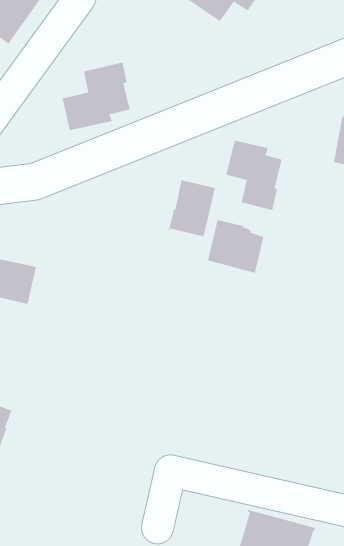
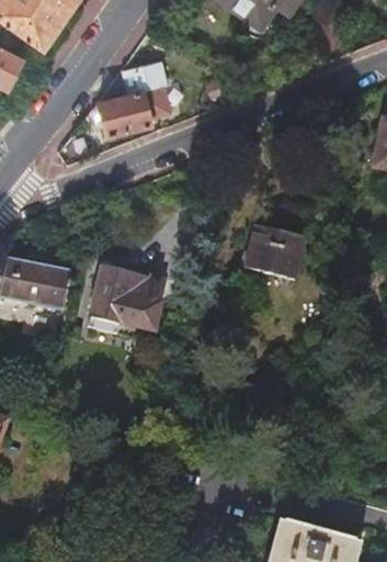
building: [226,140,282,211] -> none
building: [168,180,216,237] -> none
building: none -> [90,263,168,333]

